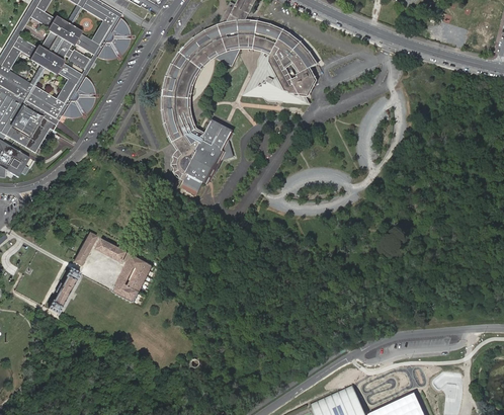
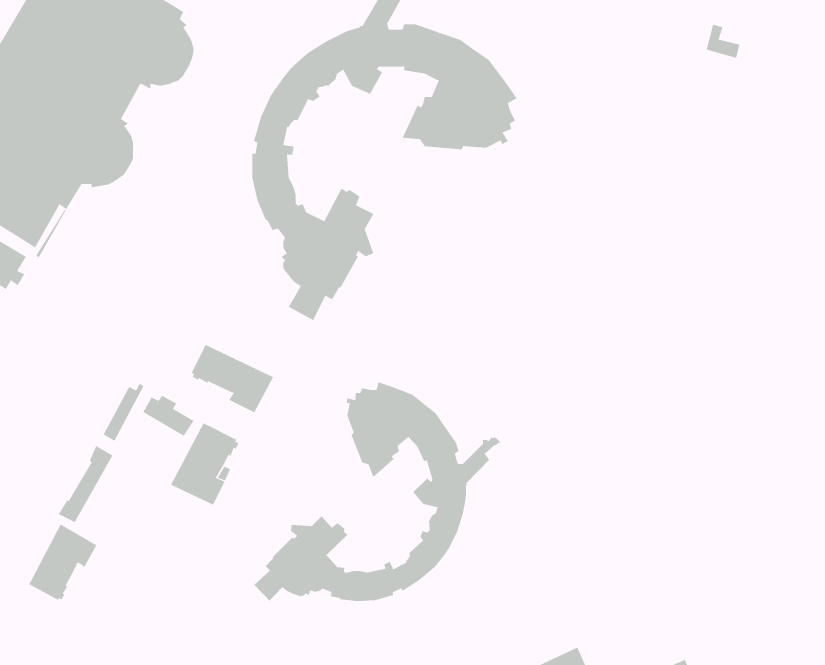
building: none -> [191,344,274,413]
building: none -> [253,381,502,602]
building: none -> [28,524,97,601]

